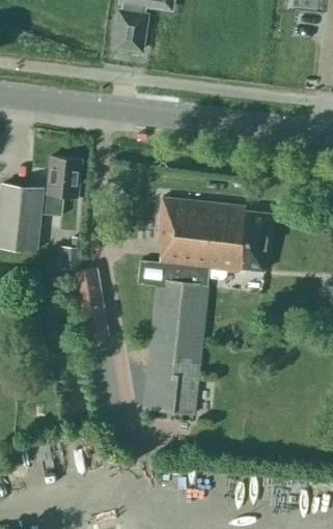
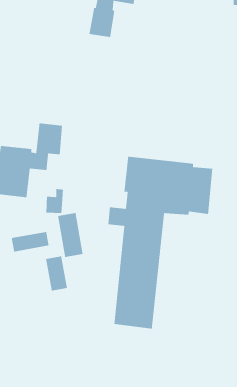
building: none -> [11,231,50,252]
building: none -> [45,256,68,292]

